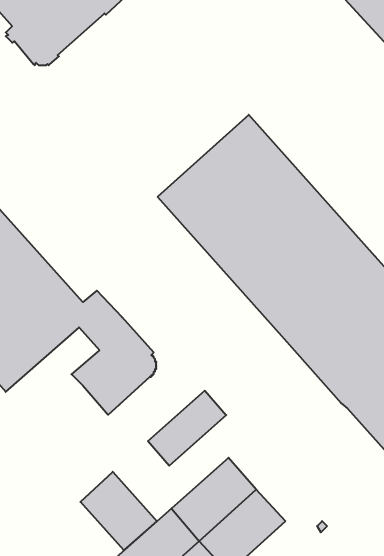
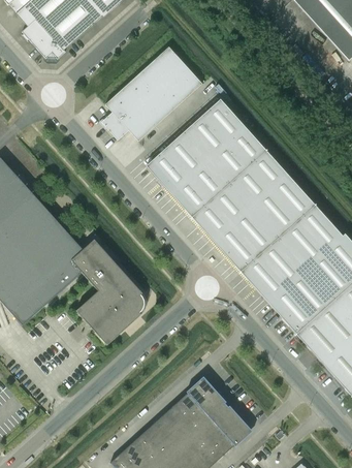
building: none -> [103,46,201,141]
building: [148,391,226,466] -> none
building: [80,472,157,550] -> none

